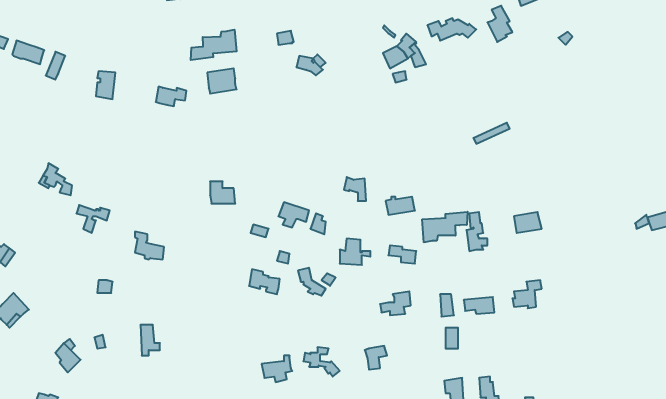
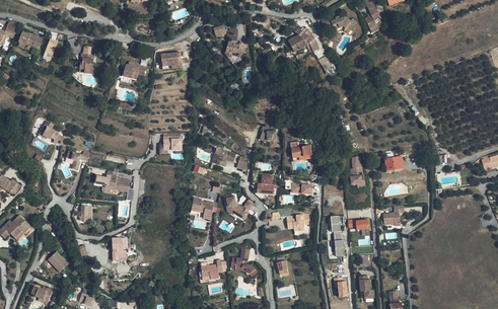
building: [191,30,237,60] -> none
building: [422,212,468,242] -> none

